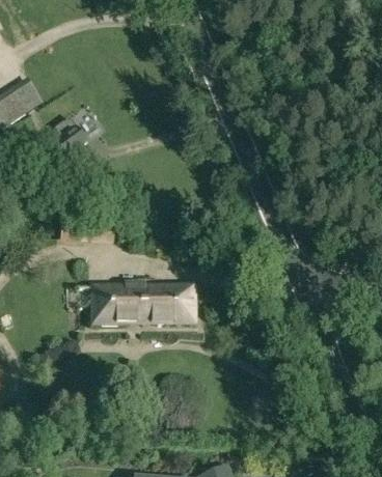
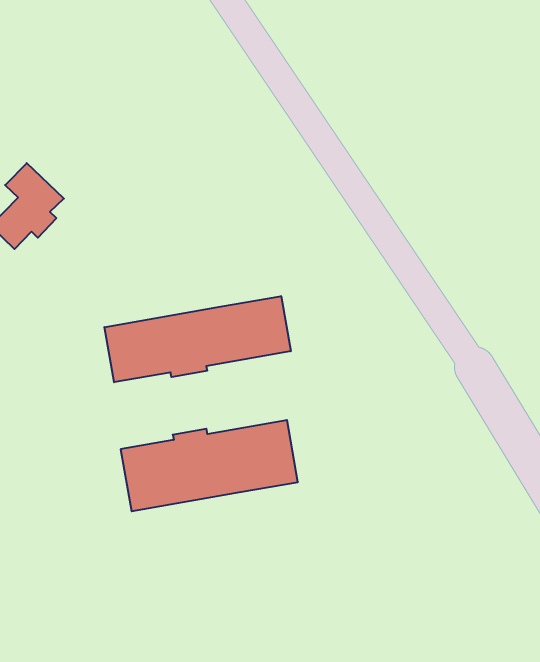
building: none -> [104,296,291,382]

